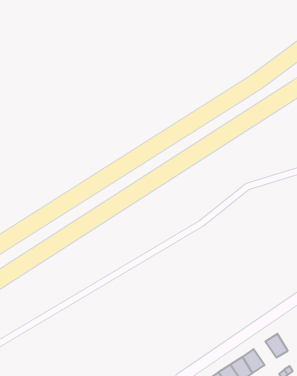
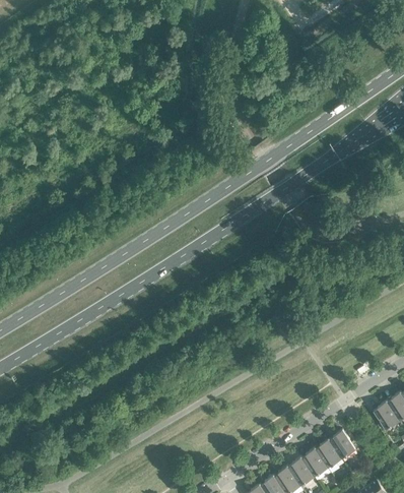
building: none -> [315,439,342,468]

